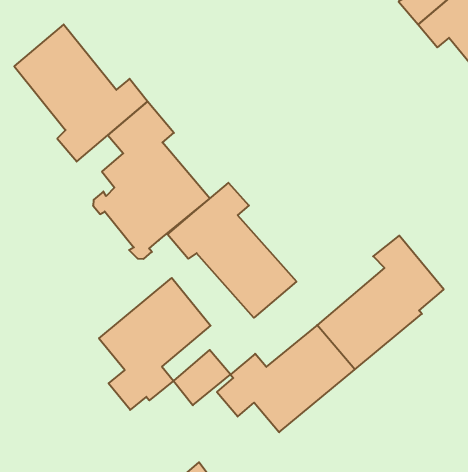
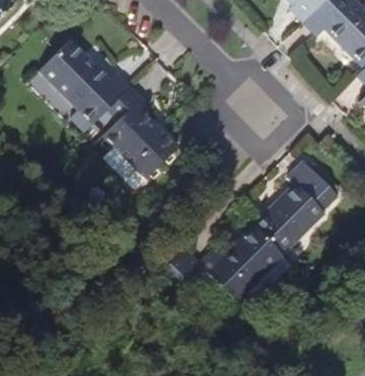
building: [167,183,296,318] -> none
building: [99,278,211,410] -> none

